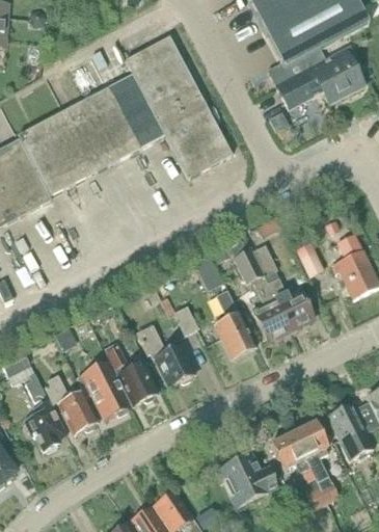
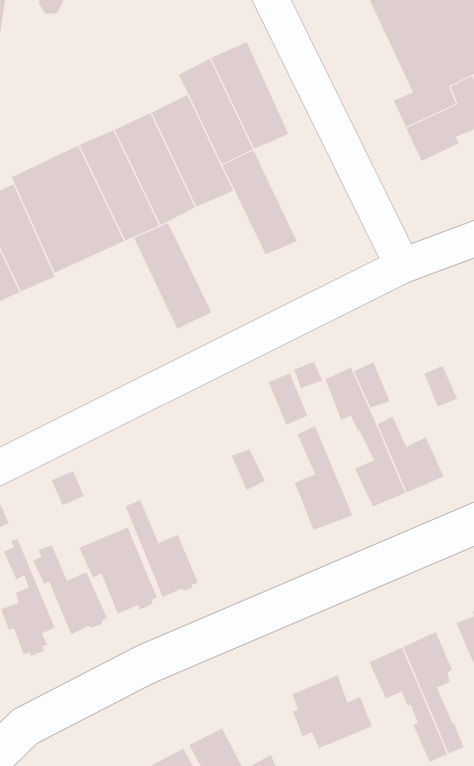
building: [178,96,233,166] -> [133,222,212,329]
building: [139,329,193,388] -> none

